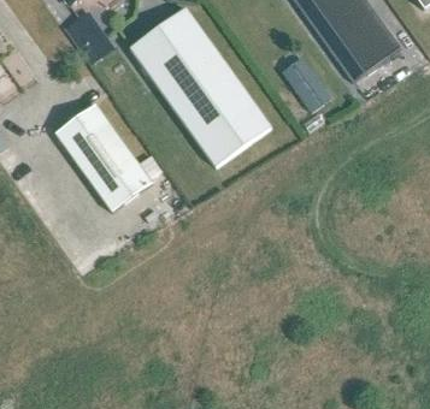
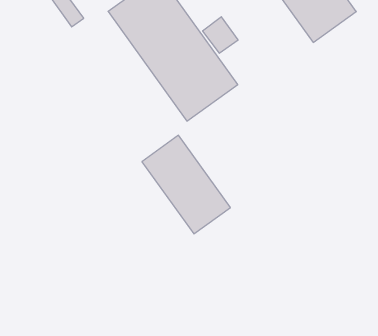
building: [293,71,331,111] -> [203,17,238,53]
building: [55,103,152,211] -> [142,135,230,234]

